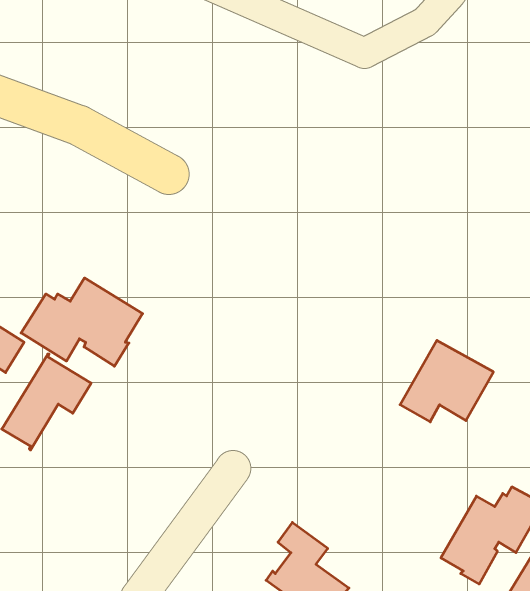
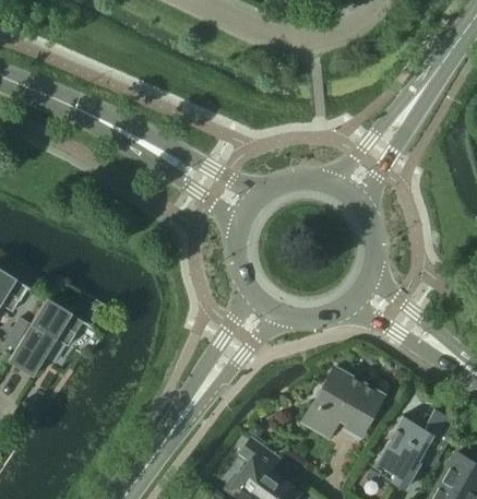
building: [21,278,143,366] -> none
building: [400,340,493,422] -> [303,367,381,435]

